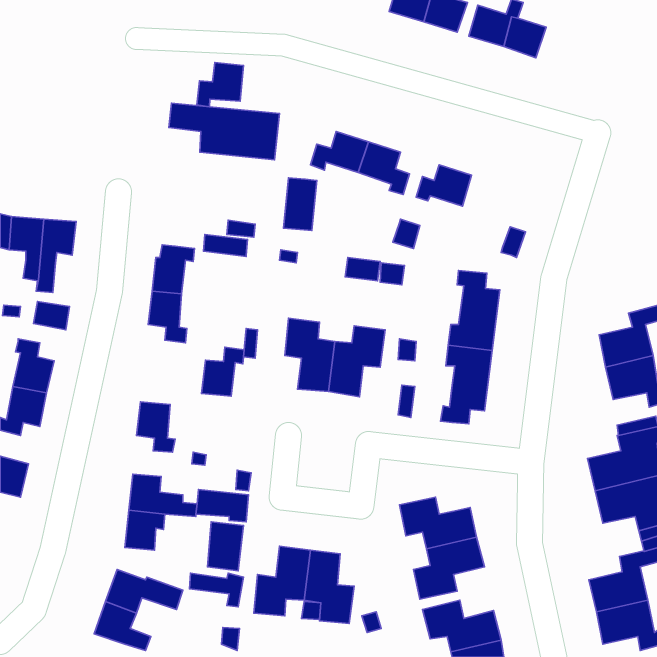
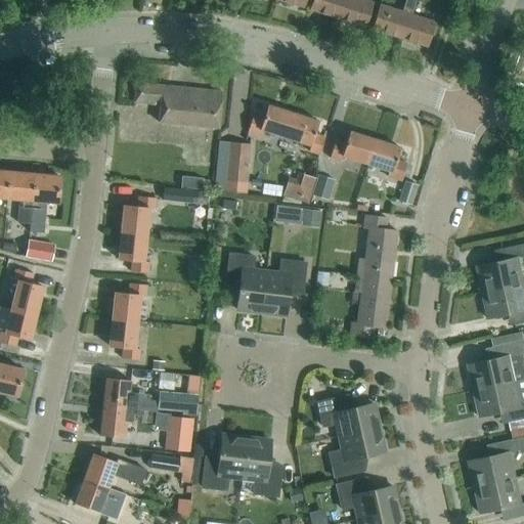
building: [197,62,244,107] -> none
building: none -> [368,139,407,180]
building: none -> [285,171,318,203]
building: [202,347,244,396] -> [113,282,146,321]

